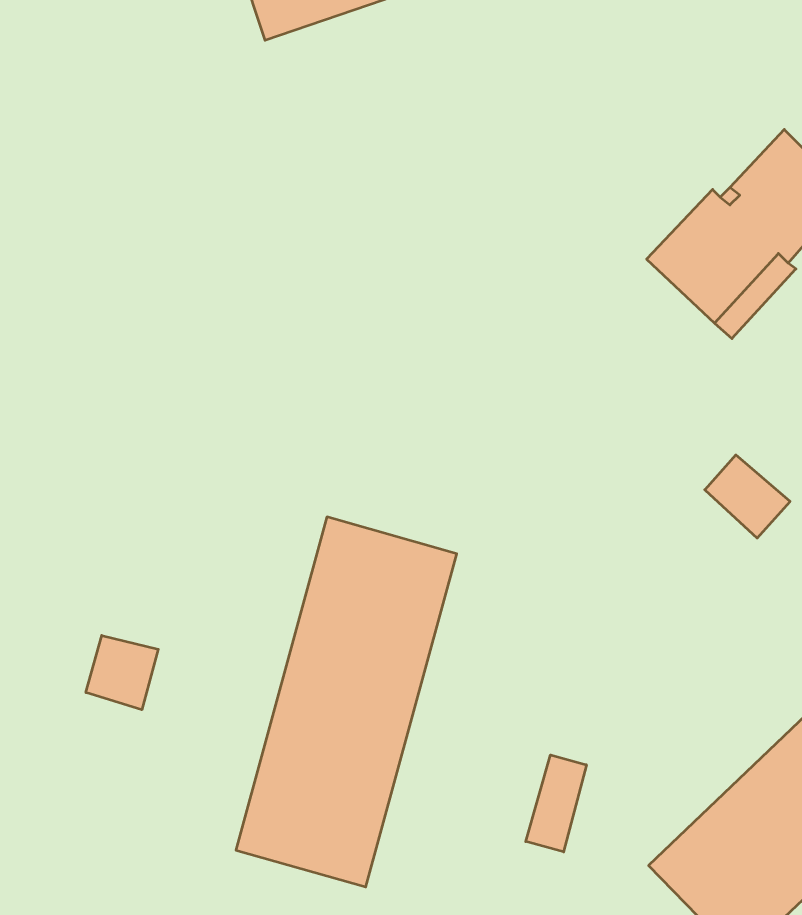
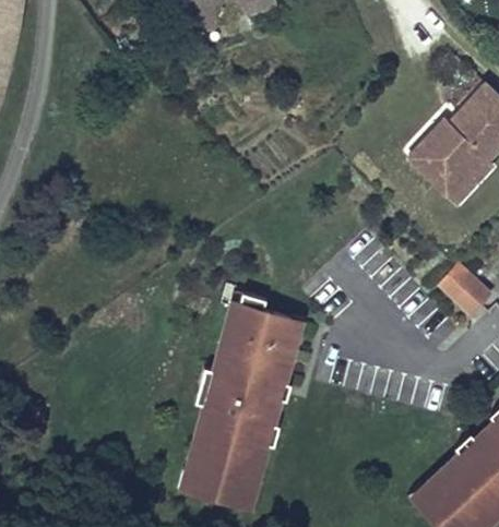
building: [86,635,158,710] -> none
building: [526,755,586,852] -> none

